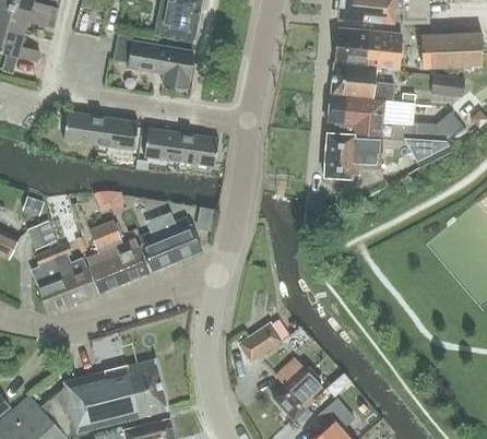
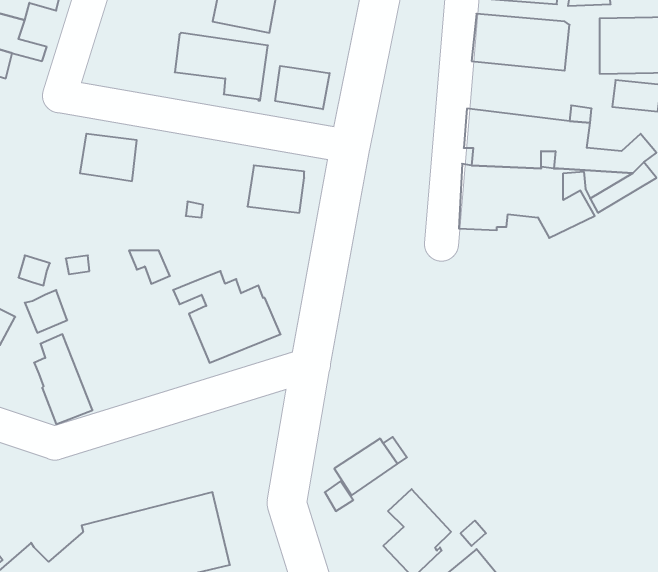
building: [331,62,393,99] -> none
building: none -> [275,66,330,109]
building: [99,116,139,149] -> none
building: [144,128,183,162] -> none
building: [86,220,150,290] -> none
building: [51,244,95,302] -> none

